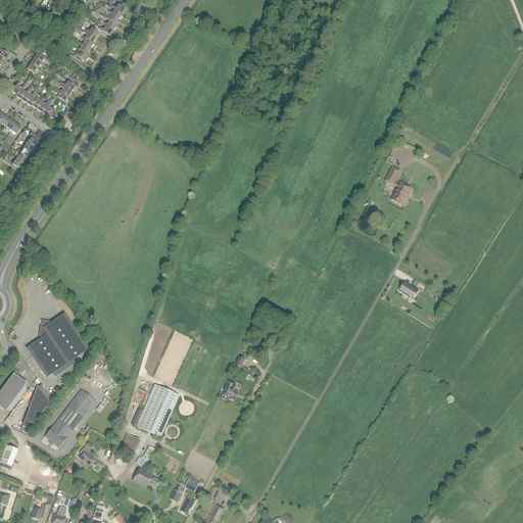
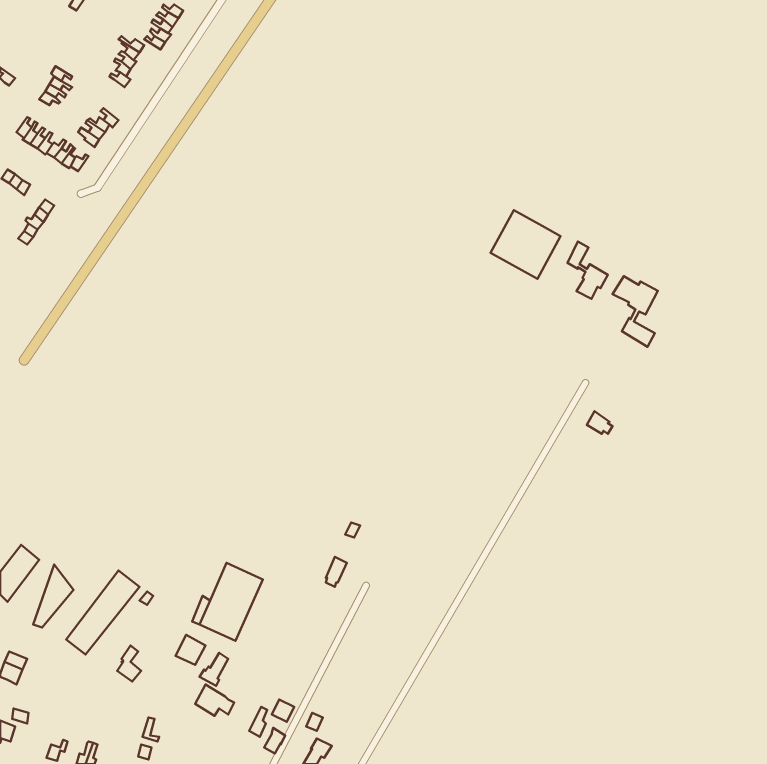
building: none -> [491,210,560,279]
building: none -> [613,276,658,347]
building: [27,312,89,379] -> none

